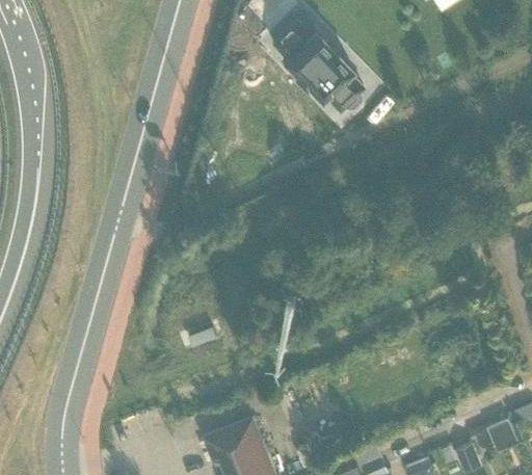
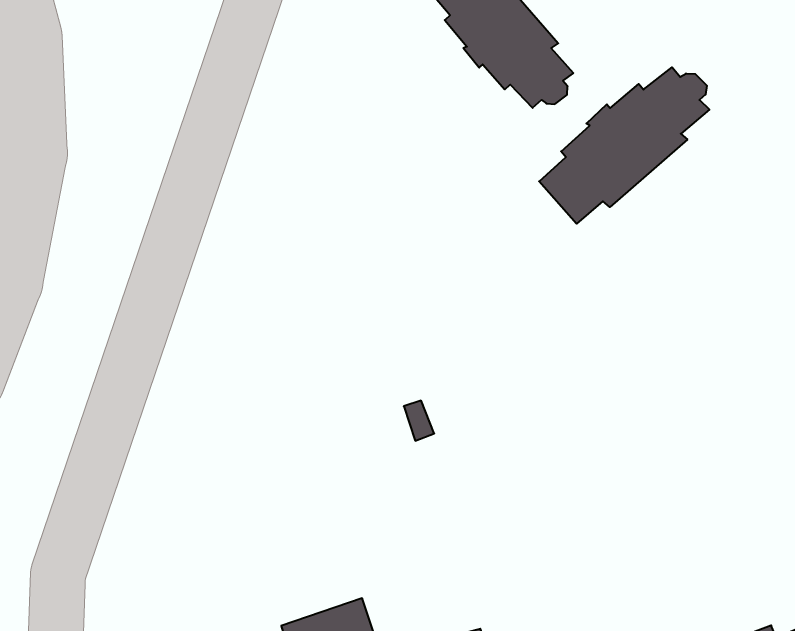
building: none -> [539,67,709,224]

